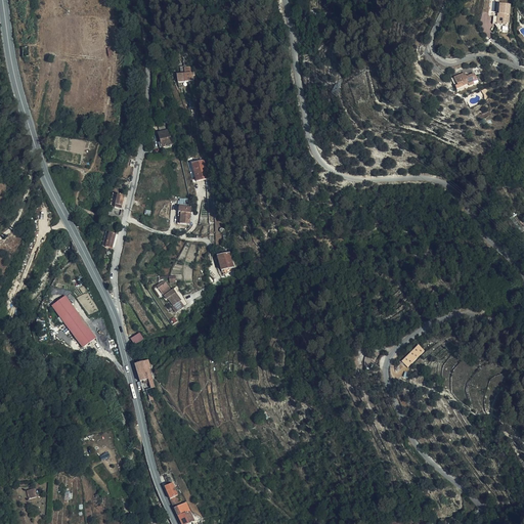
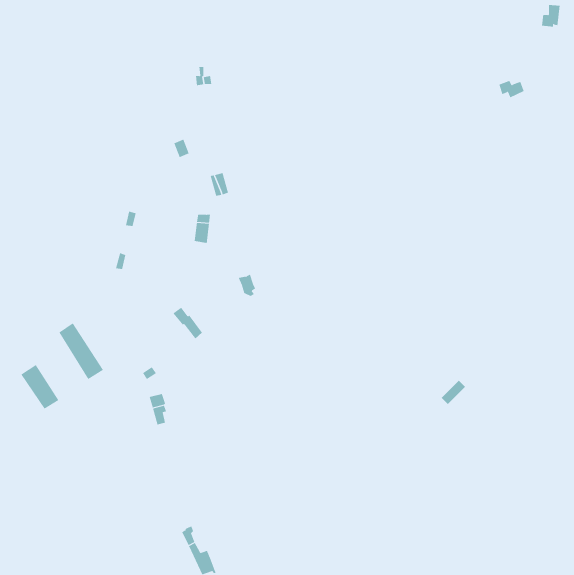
building: none -> [21,364,59,409]

